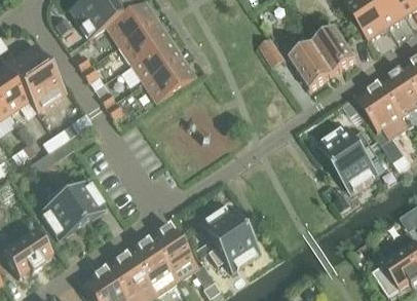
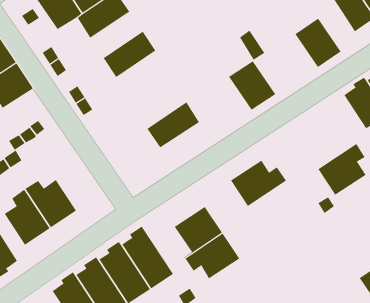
building: [118,20,168,64] -> none
building: [288,41,333,88] -> [228,60,276,110]
building: [143,57,193,101] -> [147,101,200,148]
building: [316,124,370,168] -> [230,160,287,207]

